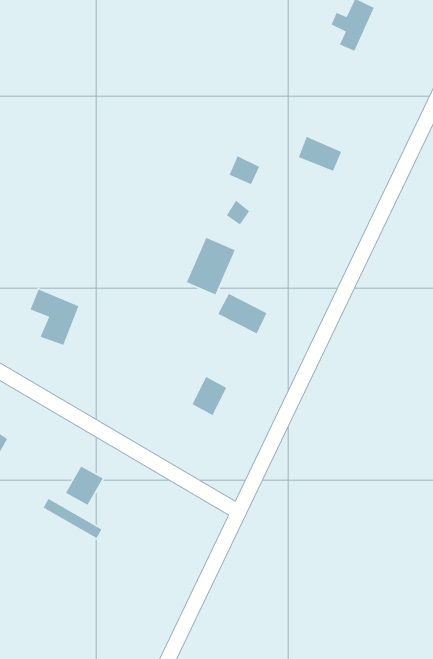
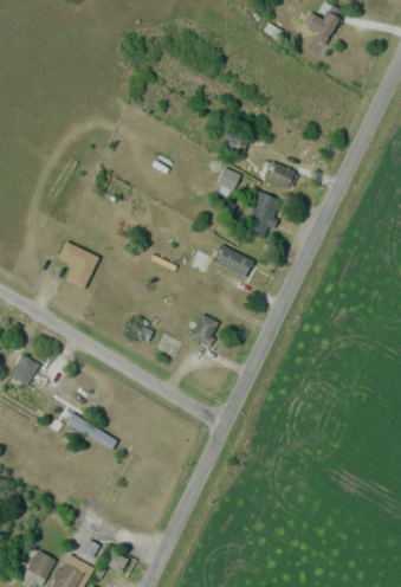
building: [298,136,342,172] -> [258,159,295,188]
building: [186,237,236,296] -> [241,191,283,239]
building: [65,466,104,506] -> none

